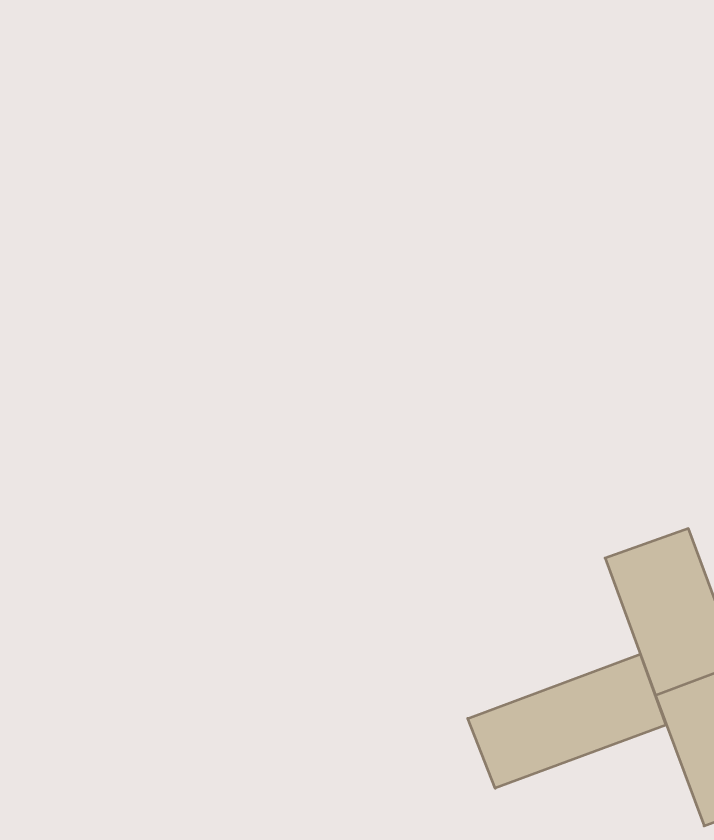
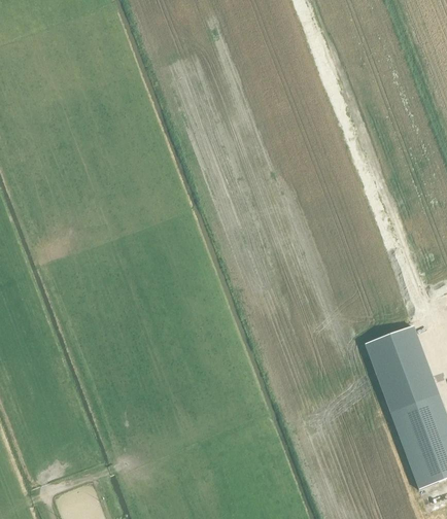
building: [468,654,666,788] -> none

